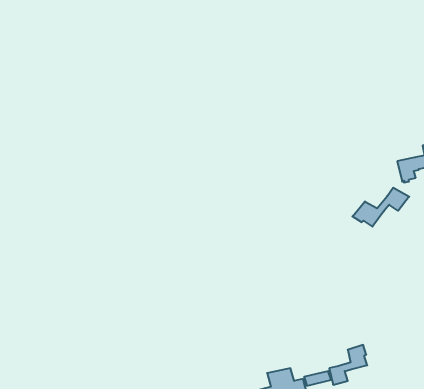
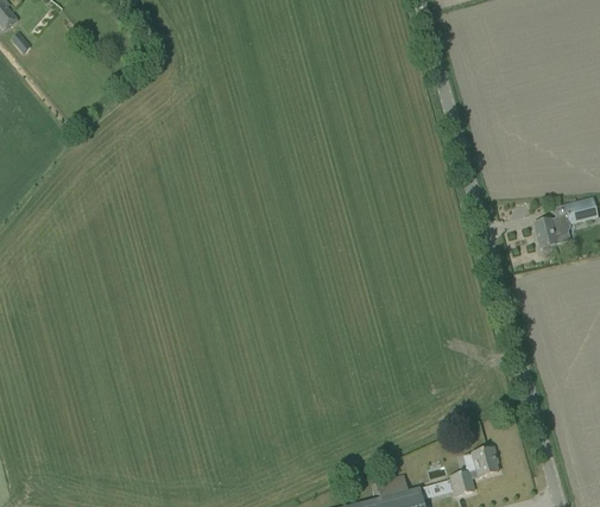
building: [352,188,409,227] -> none

